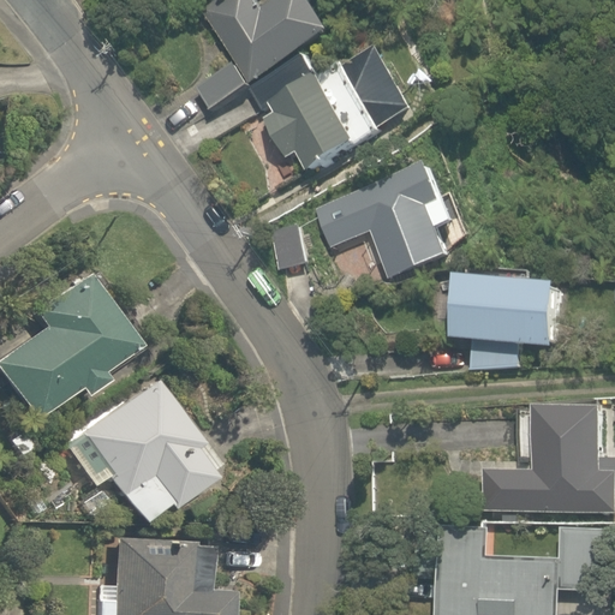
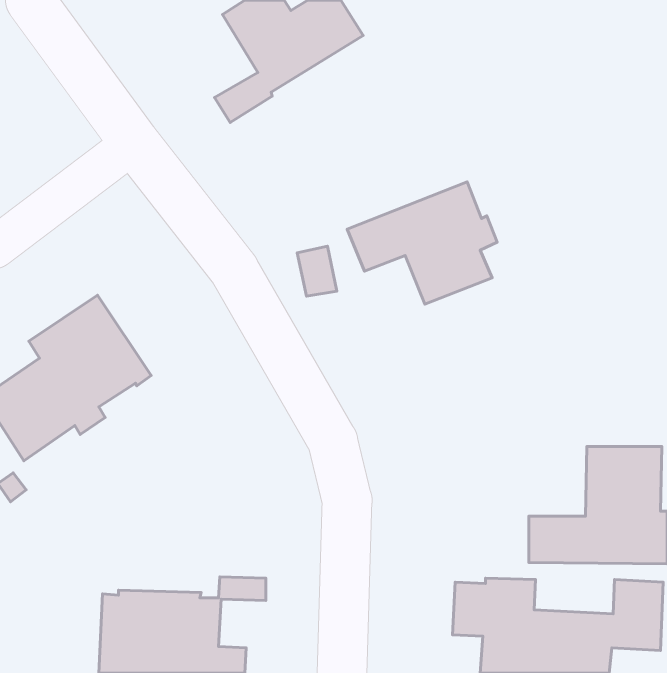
building: [247,47,411,173] -> none
building: [454,276,562,370] -> none
building: [55,380,211,521] -> none

